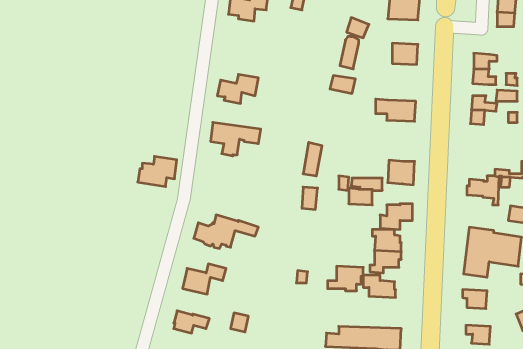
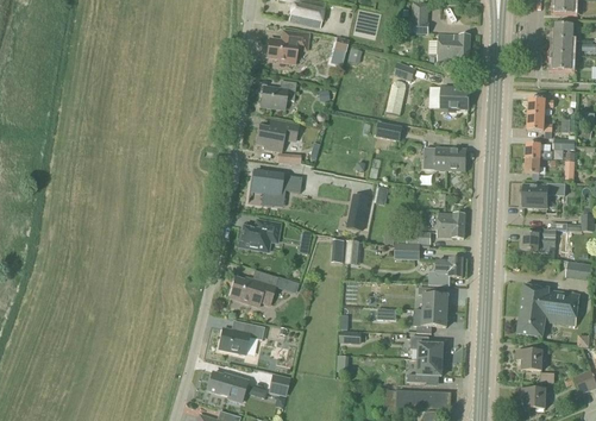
building: none -> [259,84,294,108]
building: none -> [521,182,565,208]
building: [138,156,177,187] -> [237,220,278,252]
building: [328,266,363,291] -> [407,357,445,383]

